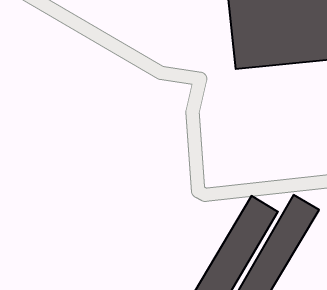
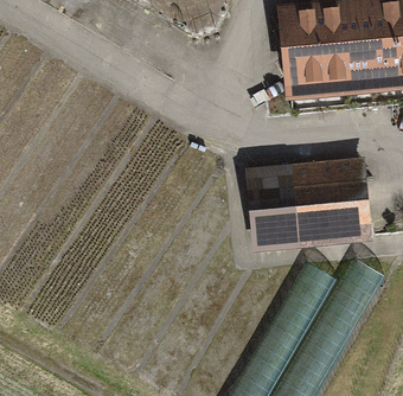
building: none -> [247,154,372,249]

